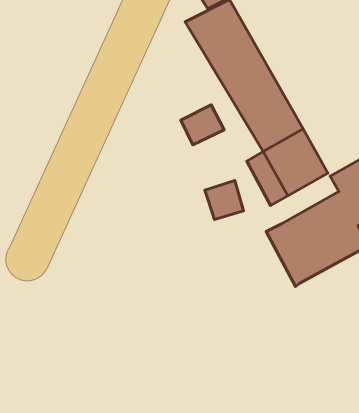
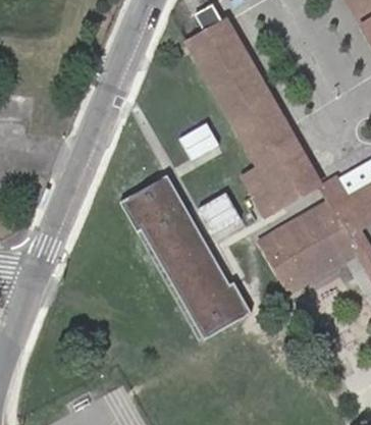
building: none -> [119,178,247,341]

